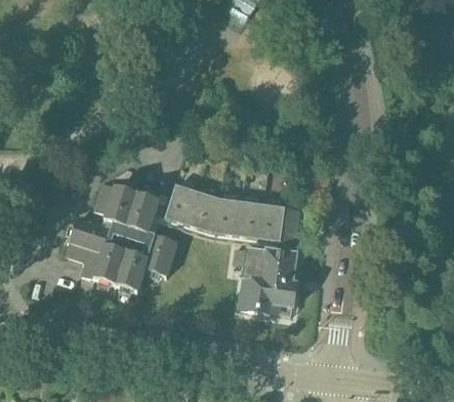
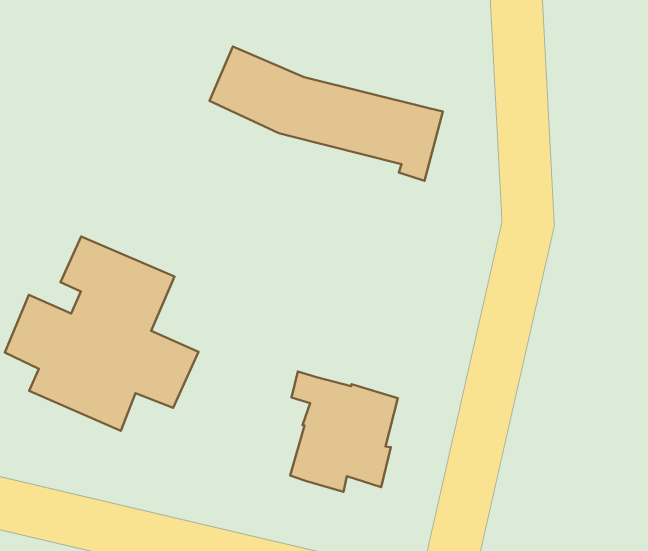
building: [165,185,300,250] -> [209,46,443,181]

